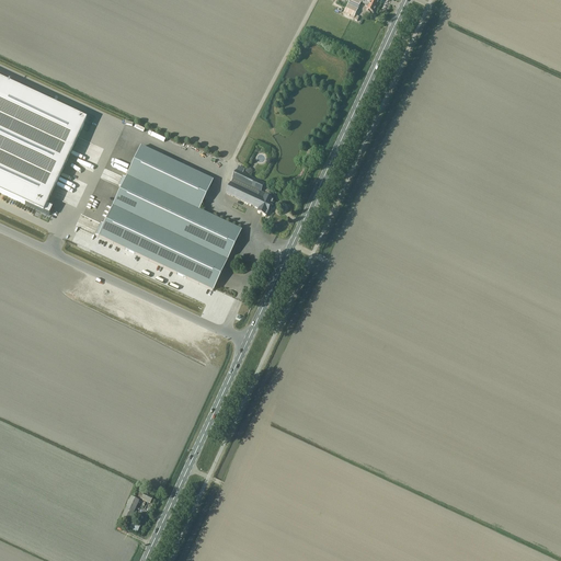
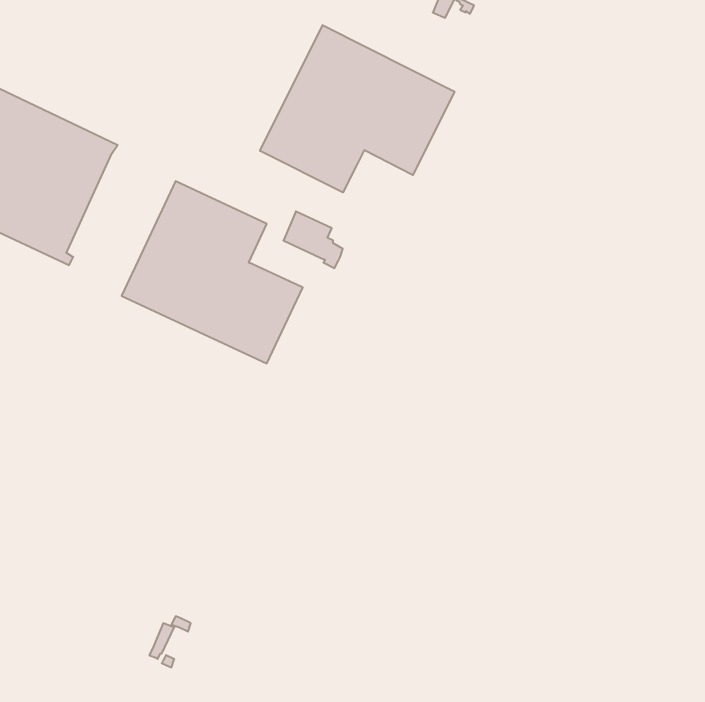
building: none -> [260,25,454,192]

